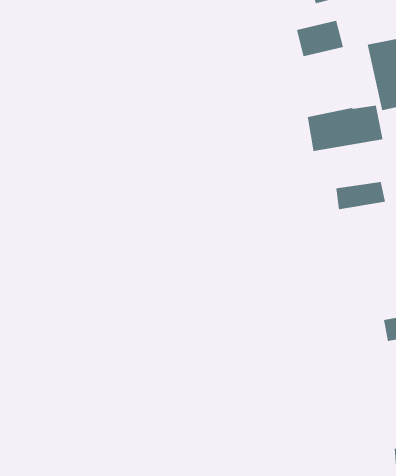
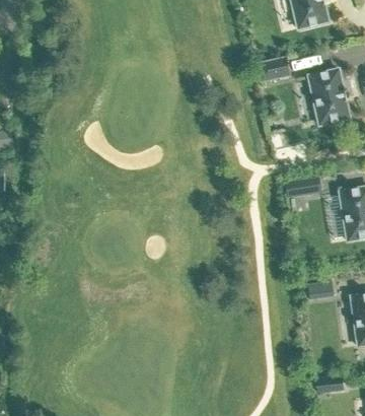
building: [307,105,383,152] -> none

